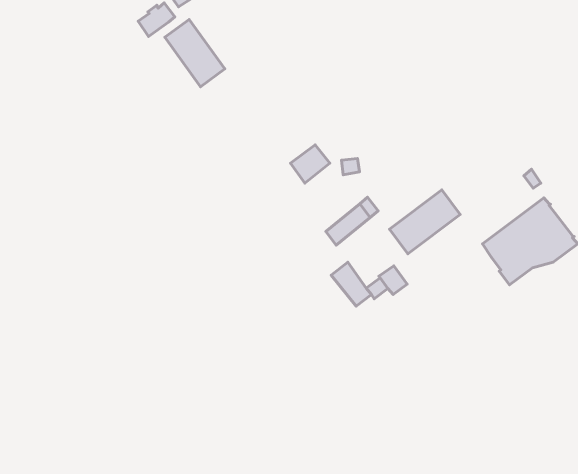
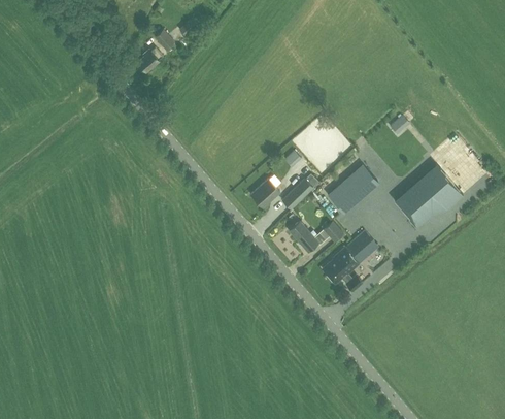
building: [165,19,225,87] -> none
building: [291,145,330,183] -> [251,181,279,208]
building: none -> [323,231,378,292]

